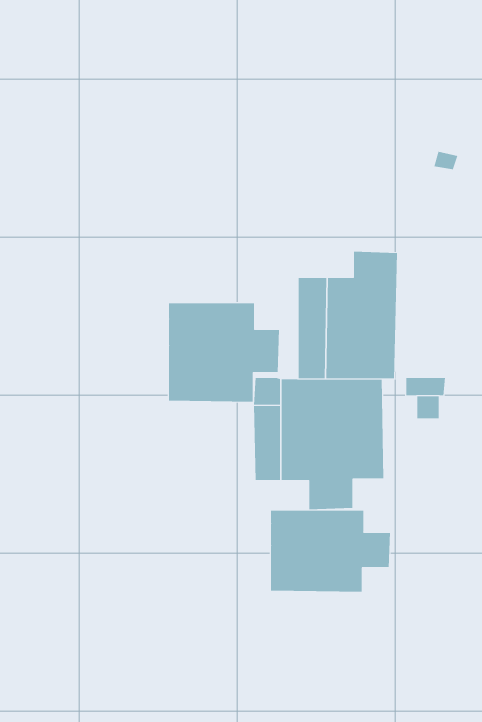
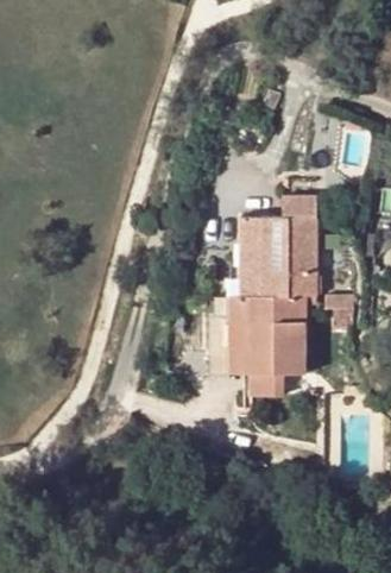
building: [169,302,279,403] -> none
building: [271,510,391,593] -> none

